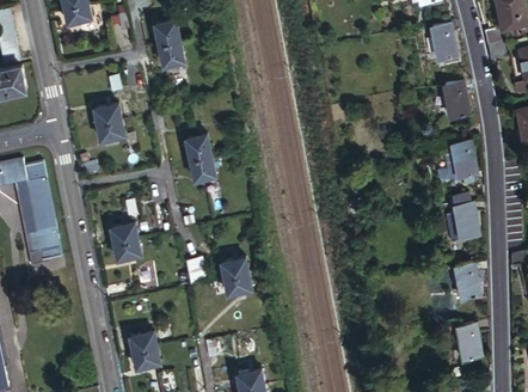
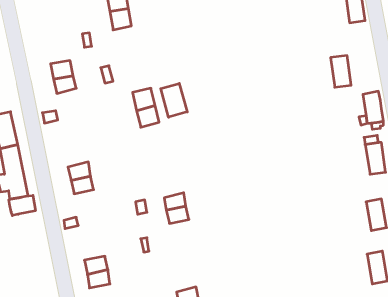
building: [447,81,471,118] -> [331,56,351,87]
building: none -> [161,83,187,117]
building: none -> [9,195,35,216]

